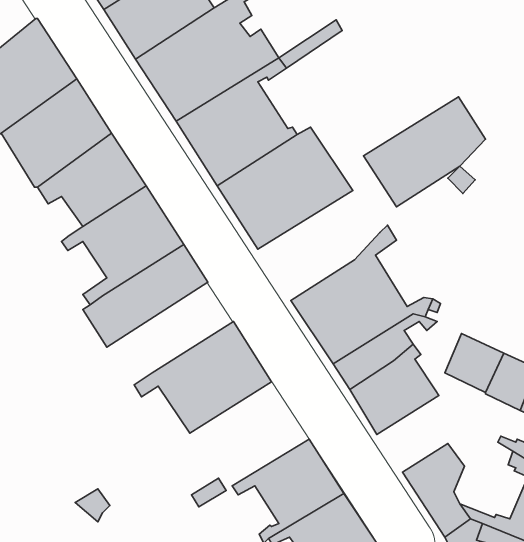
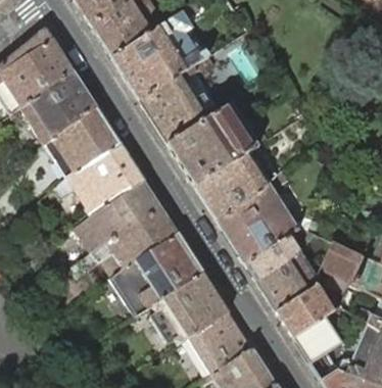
building: [363,97,486,207] -> [195,146,278,221]
building: none -> [62,208,179,279]
building: none -> [145,276,230,346]
building: none -> [276,285,334,337]

